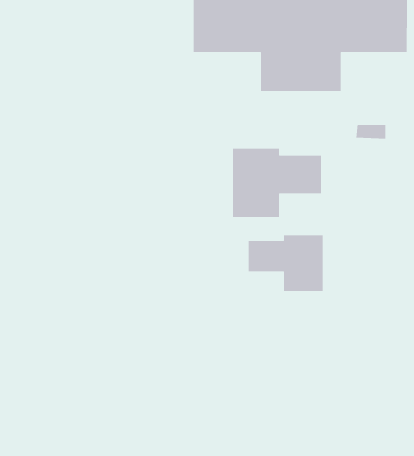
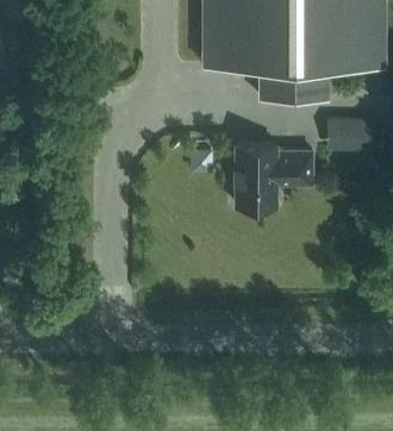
building: [248,234,323,292] -> none

